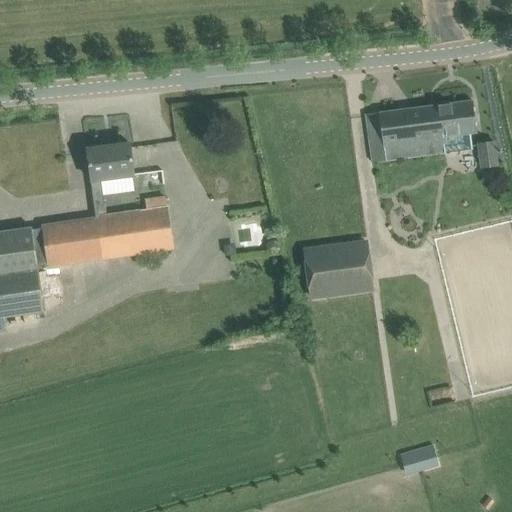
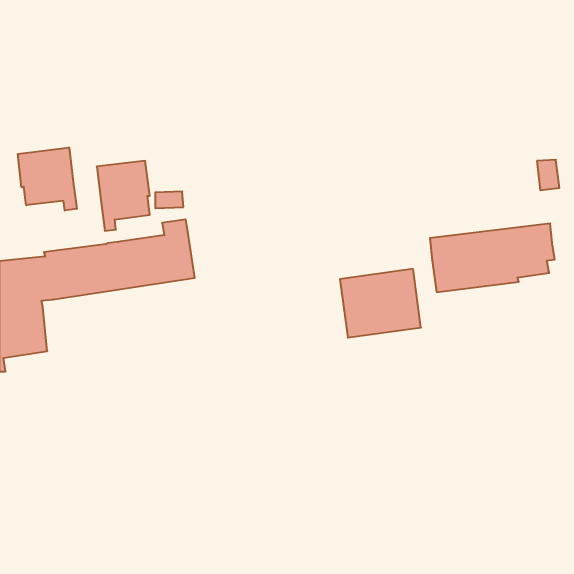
building: [365,100,476,161] -> [430,223,555,292]
building: none -> [18,147,77,211]
building: [399,444,438,475] -> none

